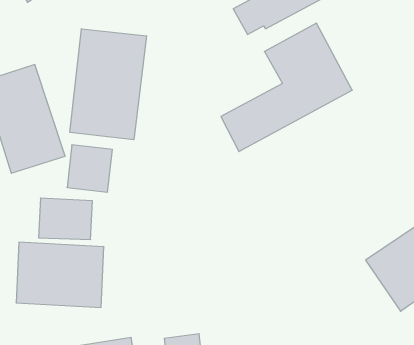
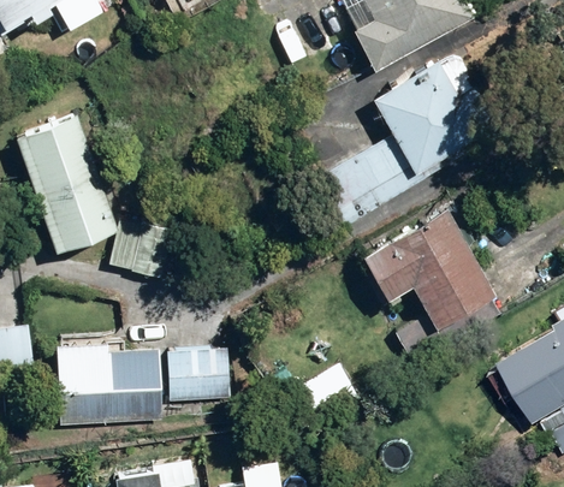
building: [70,29,146,140] -> none
building: none -> [360,210,497,333]
building: [39,198,92,240] -> [168,346,237,399]

